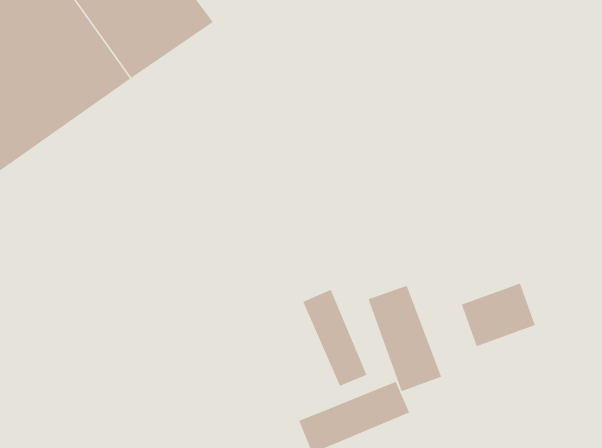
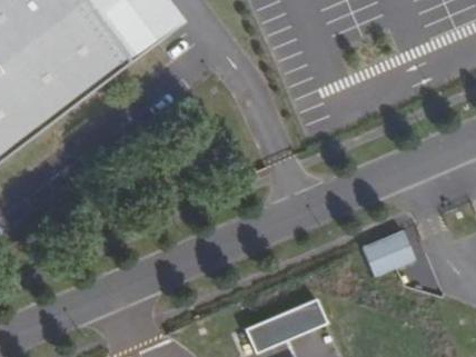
building: [368,285,442,392] -> none
building: [302,289,368,387] -> none

